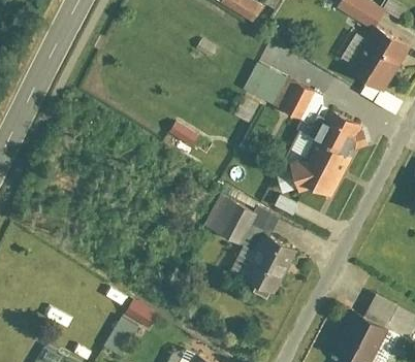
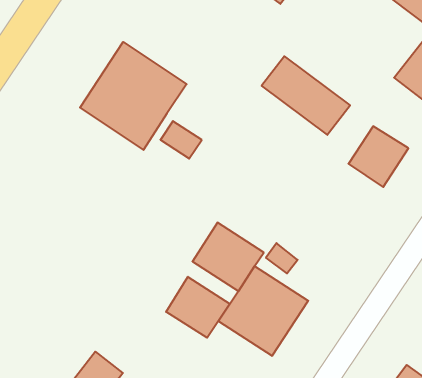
building: none -> [80,42,187,150]
building: [292,138,349,197] -> none
building: none -> [166,277,230,338]

